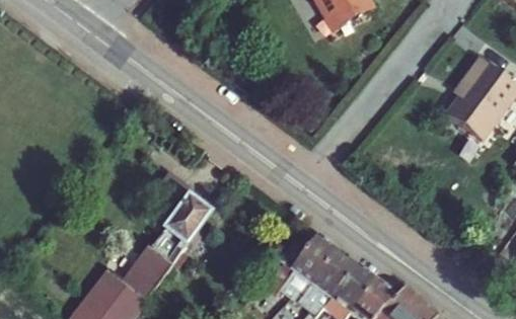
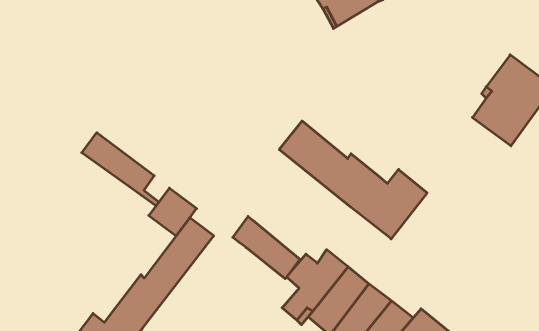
building: none -> [279,121,427,239]
building: none -> [82,133,159,206]
building: none -> [233,216,300,279]

